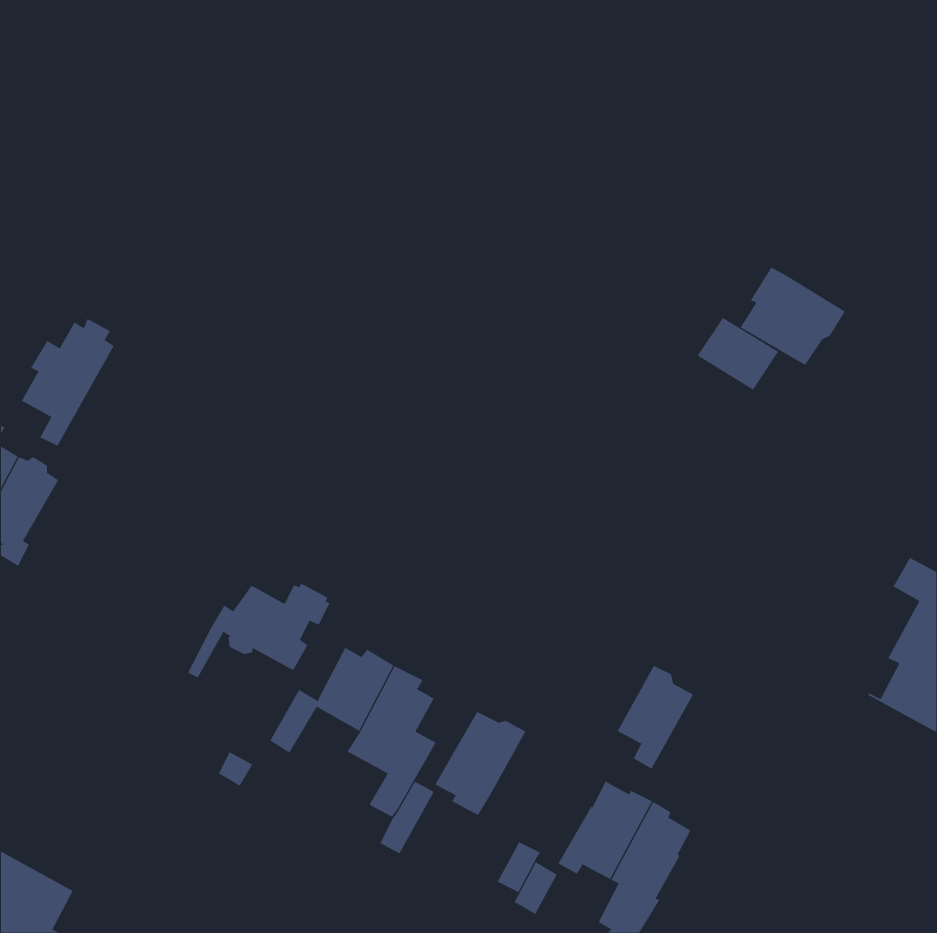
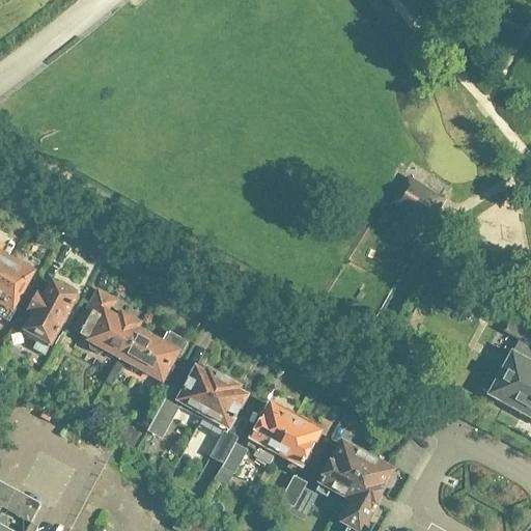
building: [740,267,846,366] -> none
building: [21,318,115,447] -> [23,280,76,353]
building: none -> [73,290,142,359]
building: [617,665,694,770] -> [277,414,320,473]

